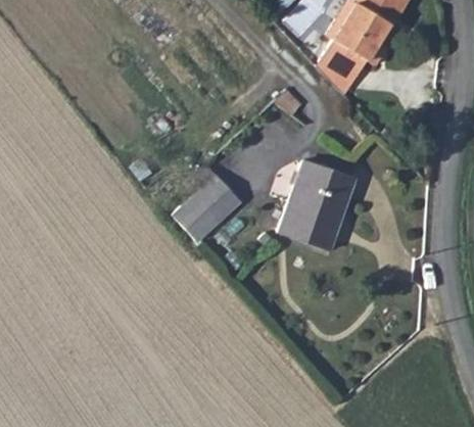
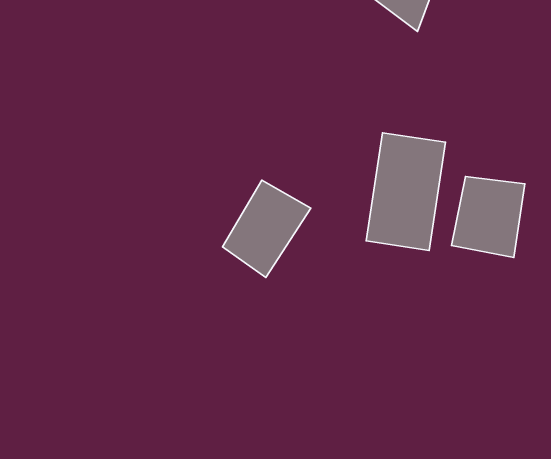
building: none -> [452,177,525,258]

